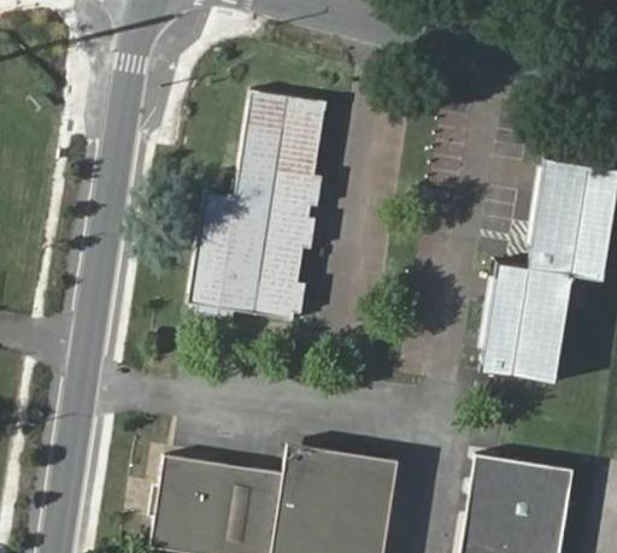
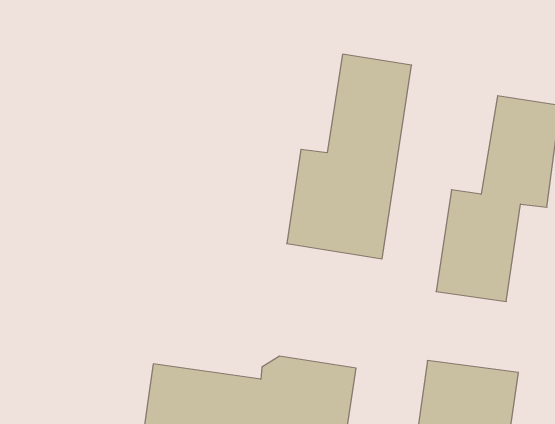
building: [192,99,329,324] -> [287,54,412,259]

